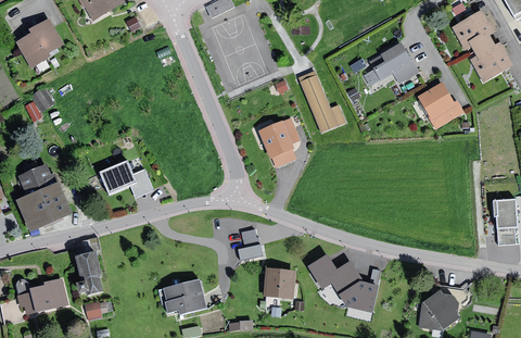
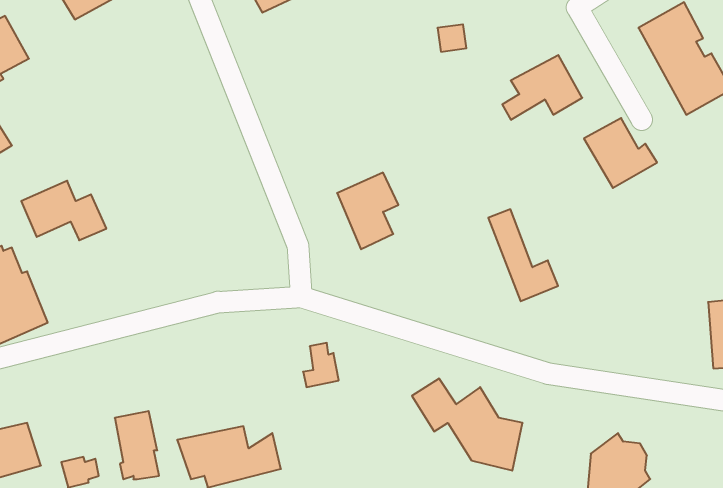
building: [300,73,344,132] -> [488,209,558,301]
building: [100,160,154,198] -> [21,181,106,240]
building: [76,252,104,296] -> [115,411,159,479]
building: [263,265,293,293] -> none

